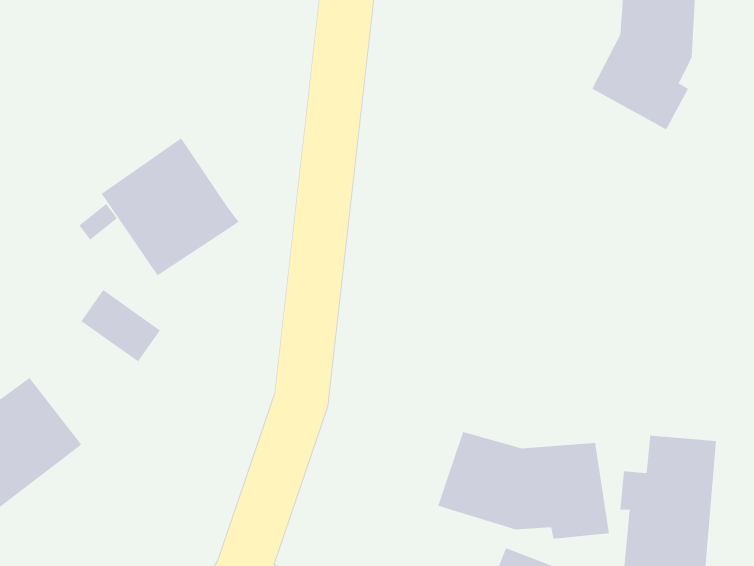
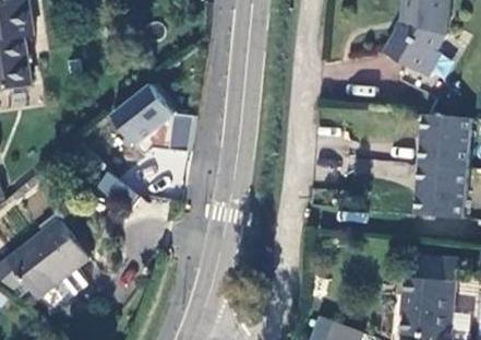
building: none -> [414,115,471,218]
building: [437,431,609,539] -> none

